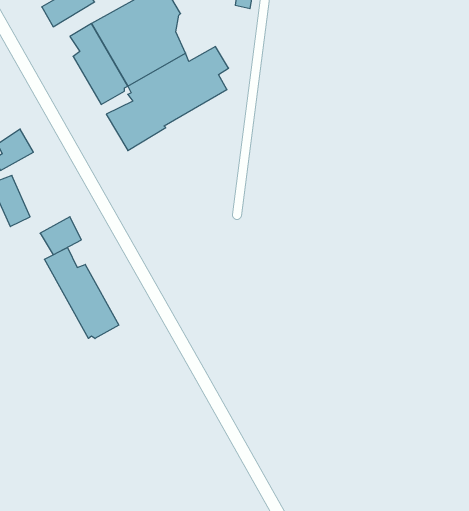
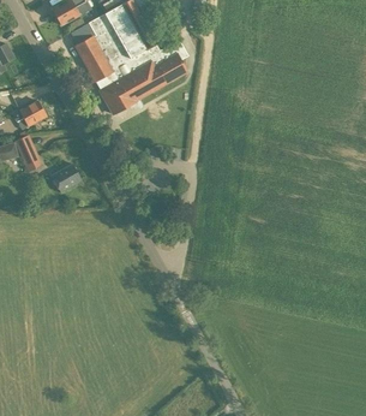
building: [44,247,119,339] -> none

